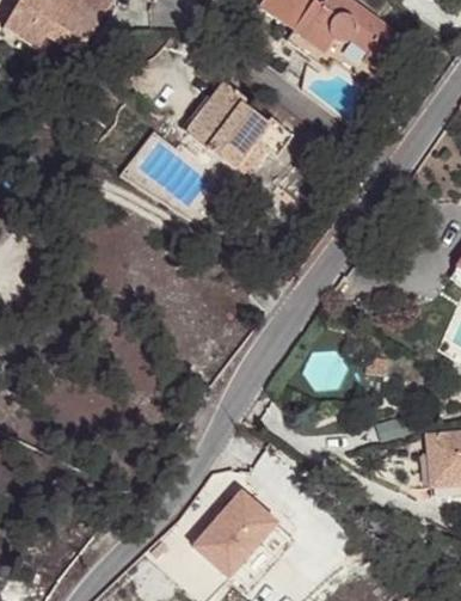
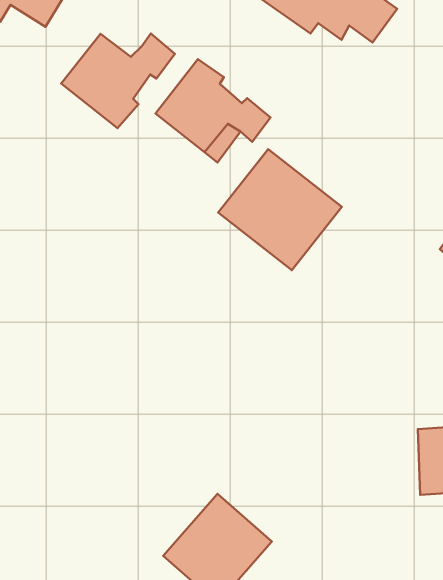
building: none -> [61,33,175,128]
building: none -> [218,149,342,270]

